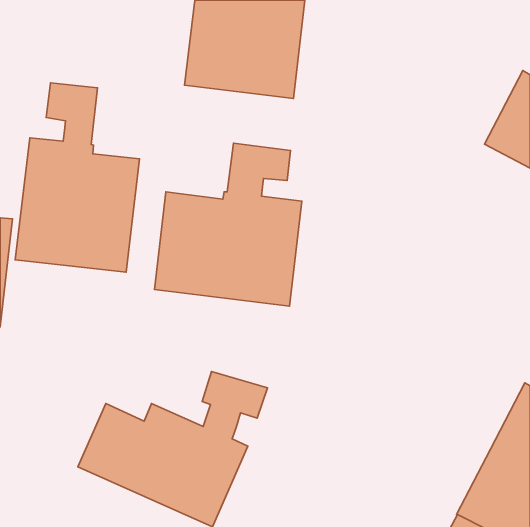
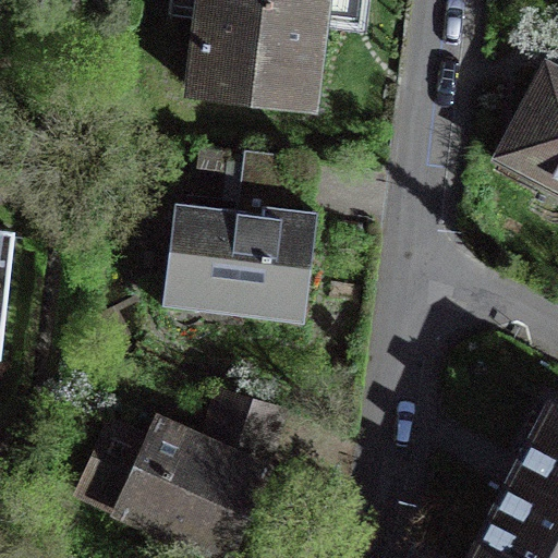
building: [15,83,140,272] -> none

